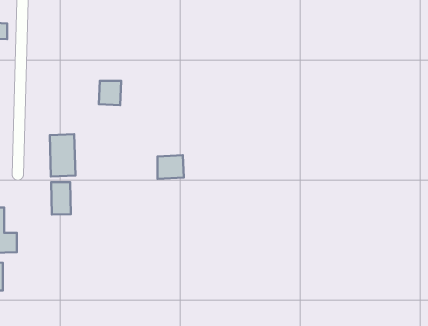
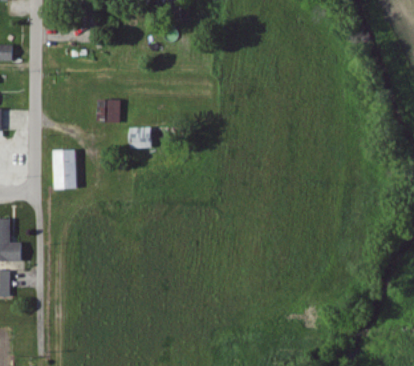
building: [157,155,184,179] -> [128,126,153,148]
building: [51,182,71,214] -> none

